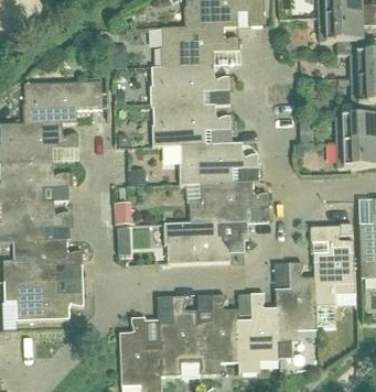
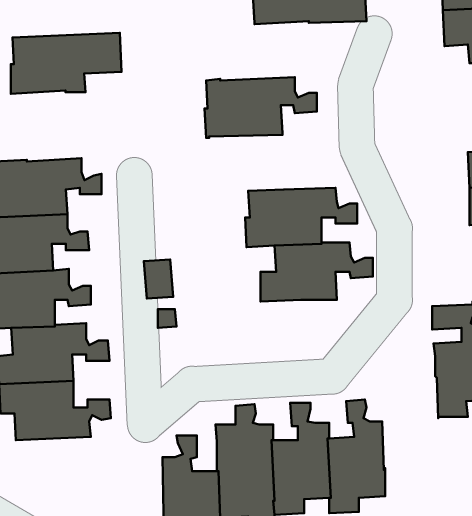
building: [160,24,239,66] -> none
building: [24,80,103,123] -> [11,33,121,94]
building: [152,102,230,145] -> none
building: [164,221,245,263] -> none
building: [275,261,318,341] -> none

